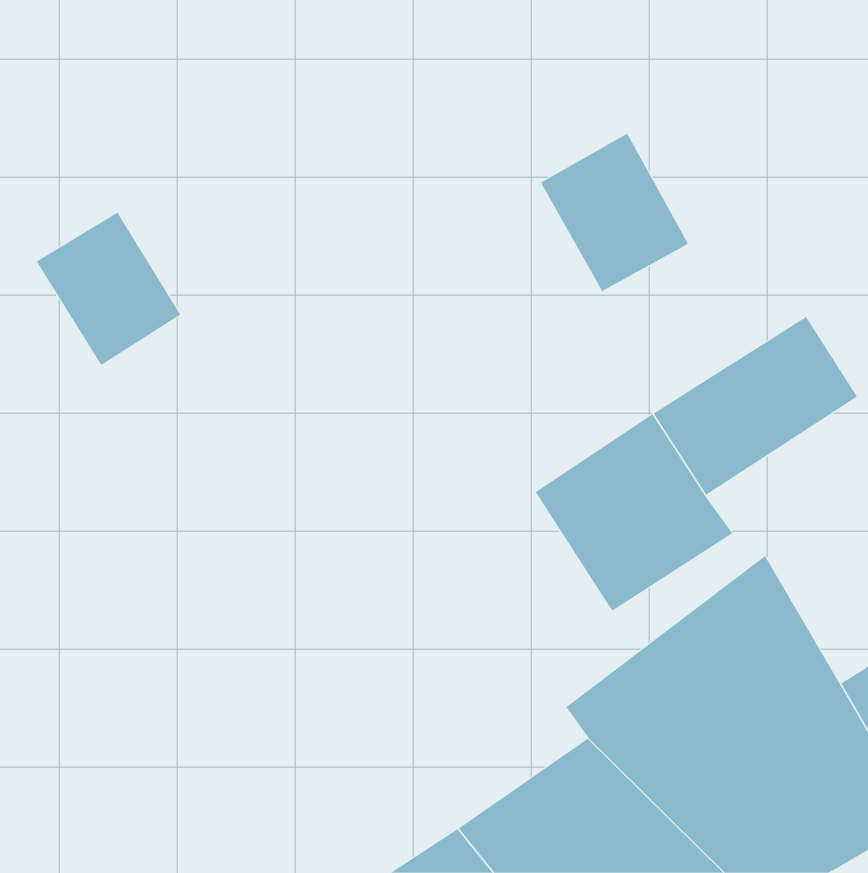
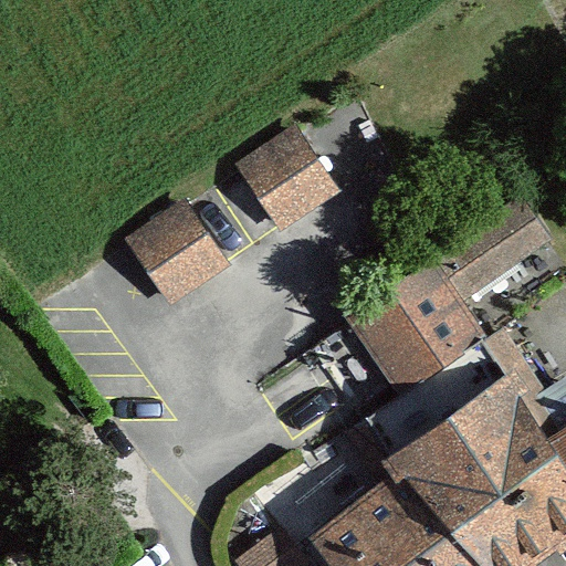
building: [540,133,689,292] -> [248,133,344,235]
building: [36,212,181,366] -> [132,203,226,303]

